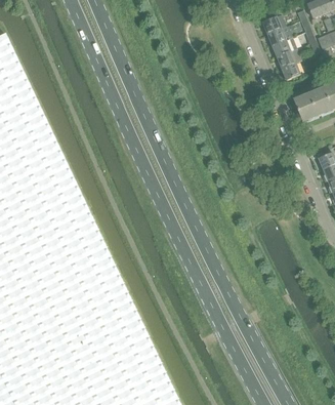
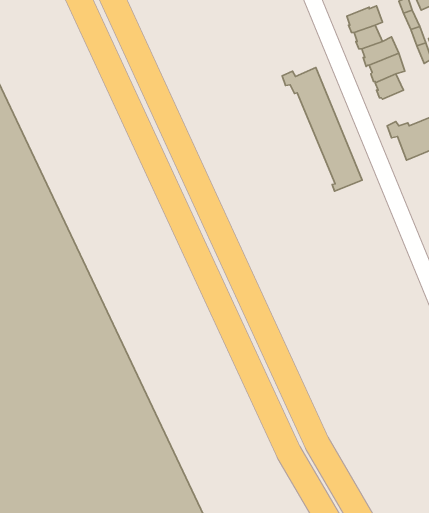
building: none -> [282,67,362,191]

